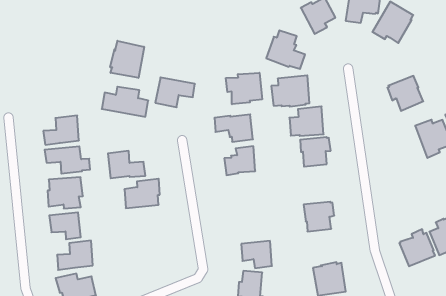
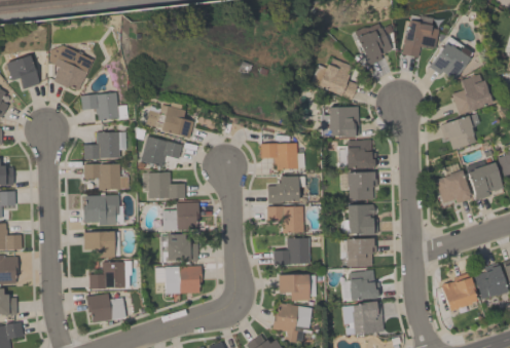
building: none -> [450,73,491,115]
building: none -> [49,45,92,90]
building: [110,41,144,78] -> none
building: [226,73,262,104] -> none
building: [155,77,195,107] -> [140,136,182,167]
building: none -> [80,92,118,120]
building: none -> [435,169,470,203]
building: none -> [347,204,377,235]
building: none -> [267,206,303,232]
building: none -> [274,237,309,264]
building: none -> [166,234,198,261]
building: none -> [349,270,379,301]
building: none -> [165,266,202,294]

